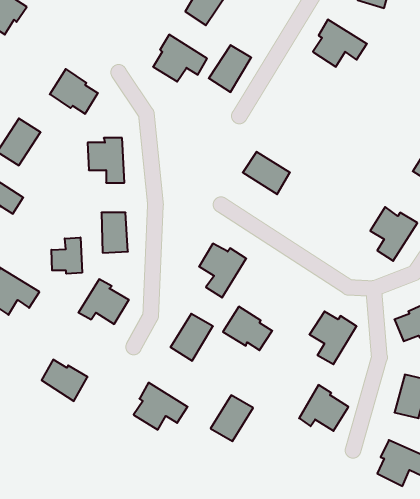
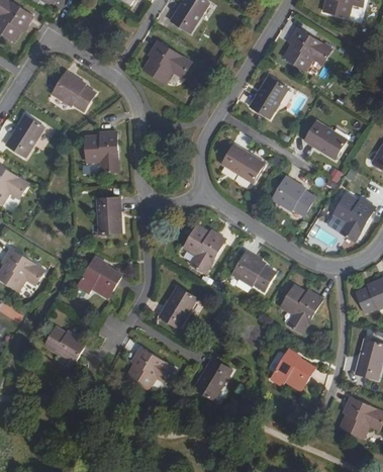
building: [209,45,251,92] -> [250,77,287,118]
building: none -> [304,122,347,159]
building: none -> [272,177,315,215]
building: [51,237,82,274] -> none
building: [223,307,272,350] -> [232,252,276,290]

